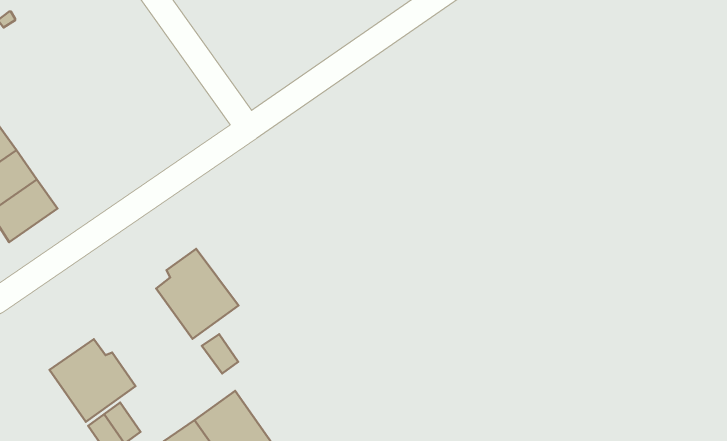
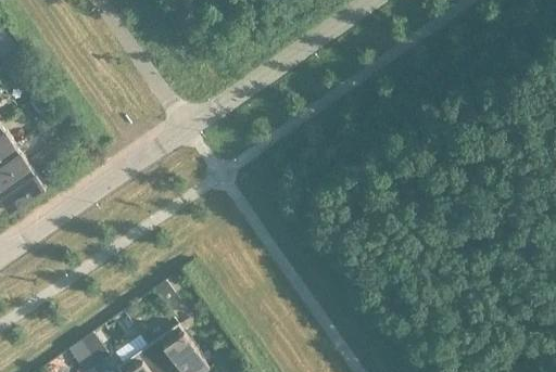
building: [156,249,238,339] -> none
building: [50,339,136,422] -> none

